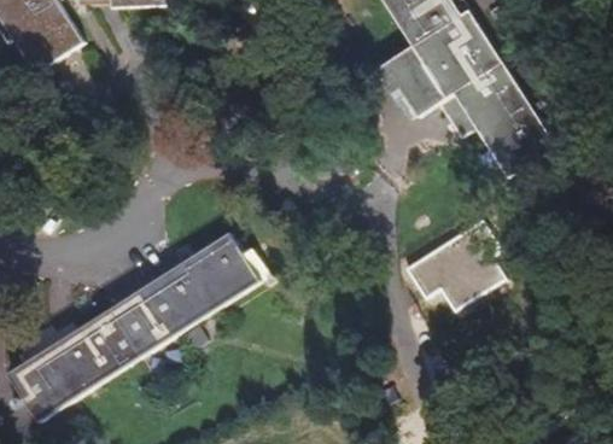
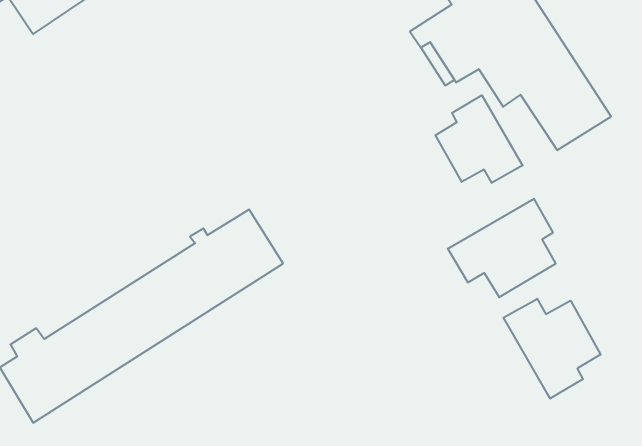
building: none -> [435,95,523,183]
building: none -> [503,299,601,399]

